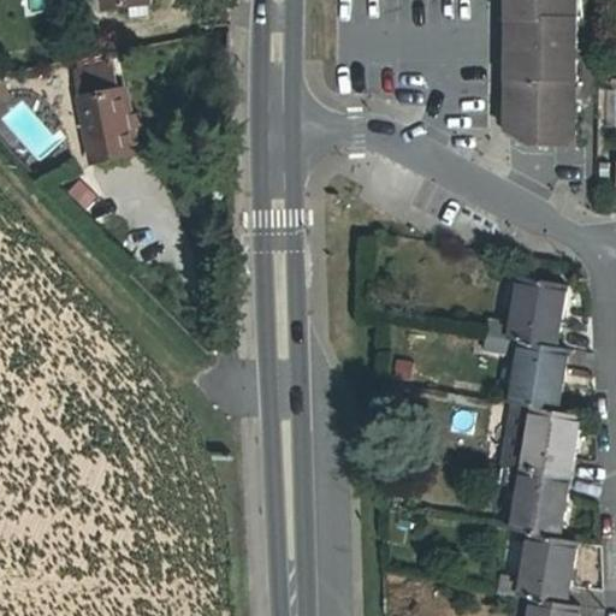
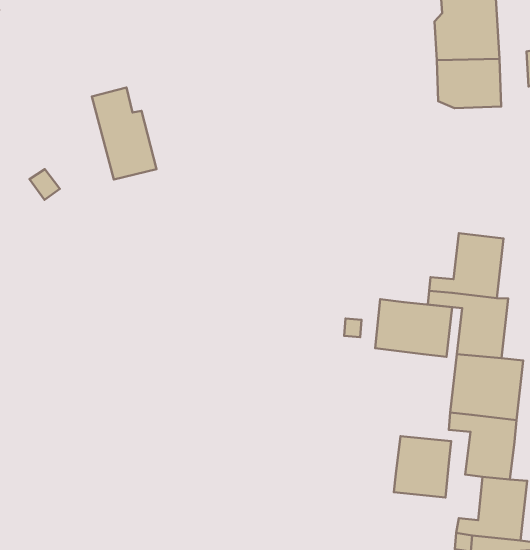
building: [72,65,136,161] -> [92,88,157,180]
building: none -> [375,299,452,357]
building: none -> [394,436,451,497]

